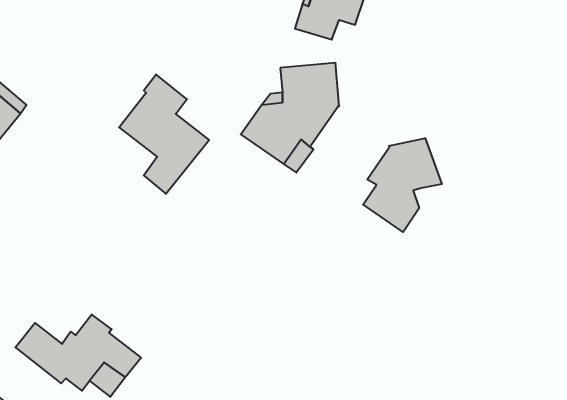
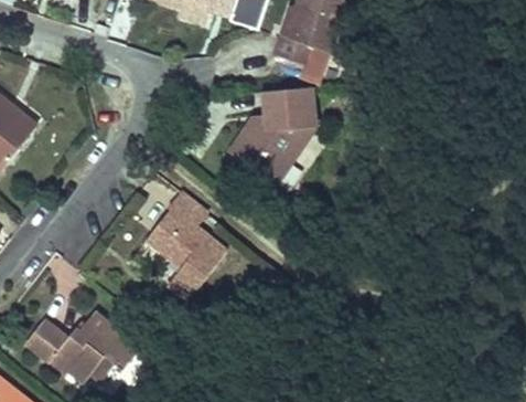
building: [119,74,209,194] -> [146,192,226,299]
building: [363,138,442,232] -> none

